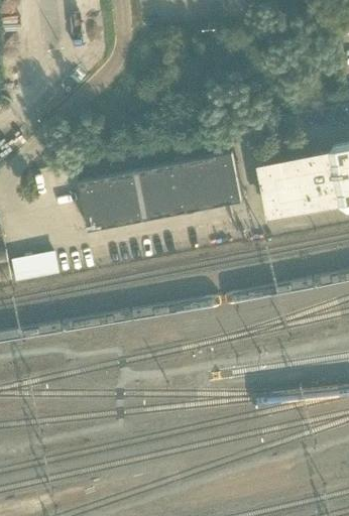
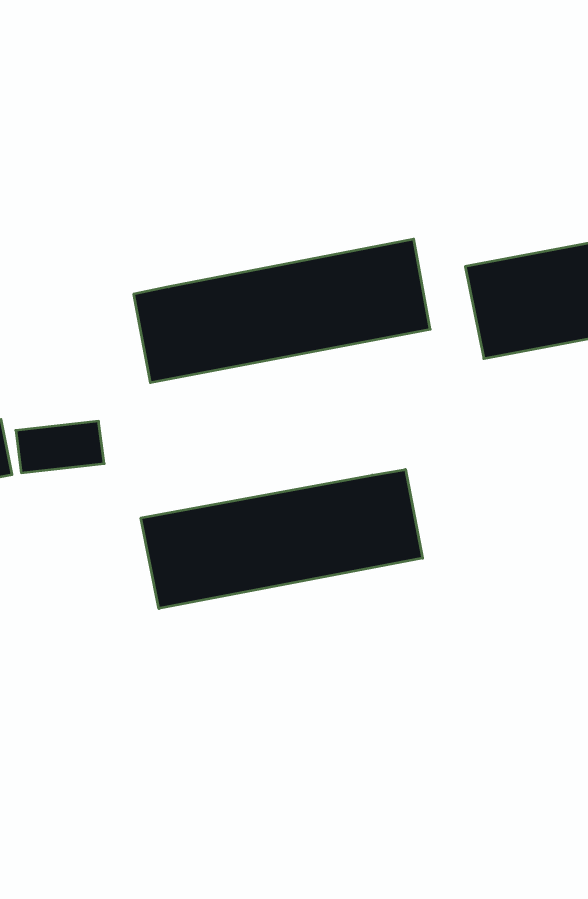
building: none -> [141,469,423,609]

